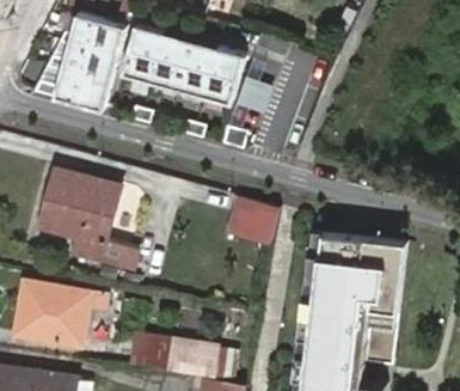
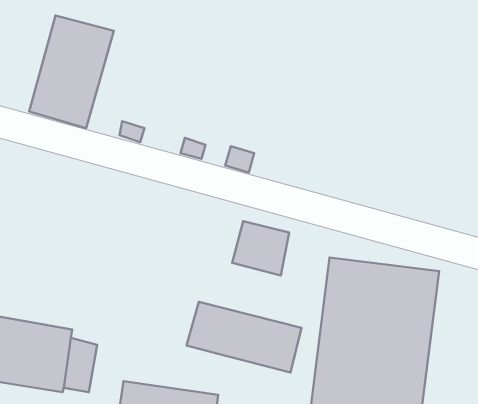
building: [124,31,256,112] -> none
building: [41,169,140,273] -> none
building: none -> [186,302,302,372]

